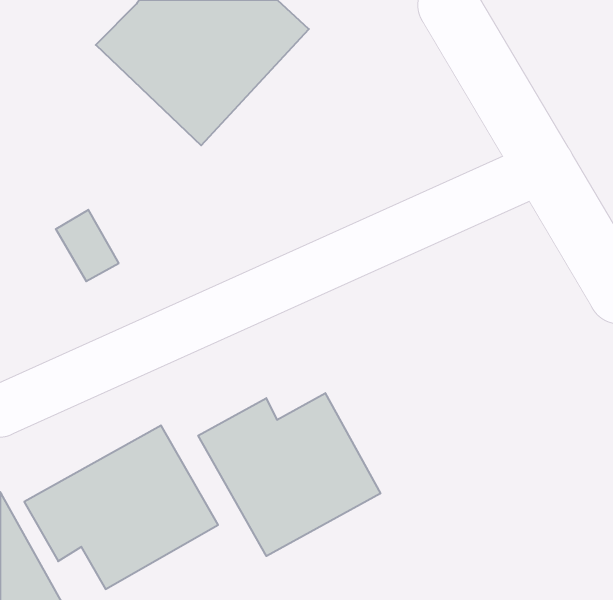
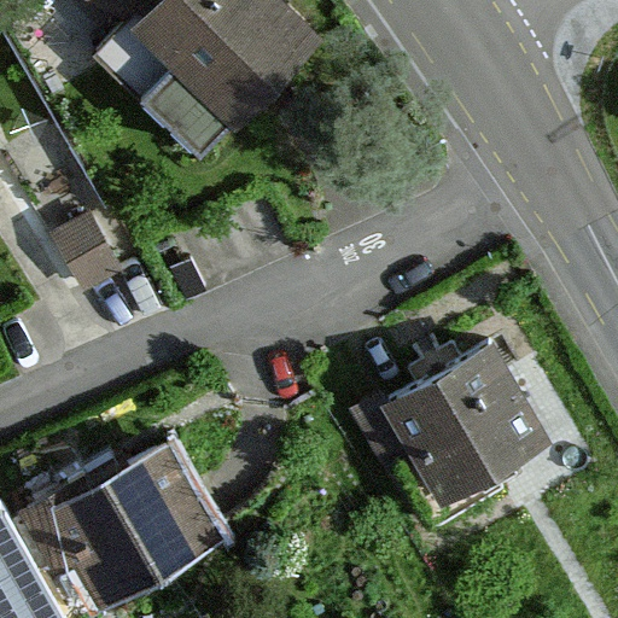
building: none -> [358,339,555,495]
building: [198,393,380,556] -> none

